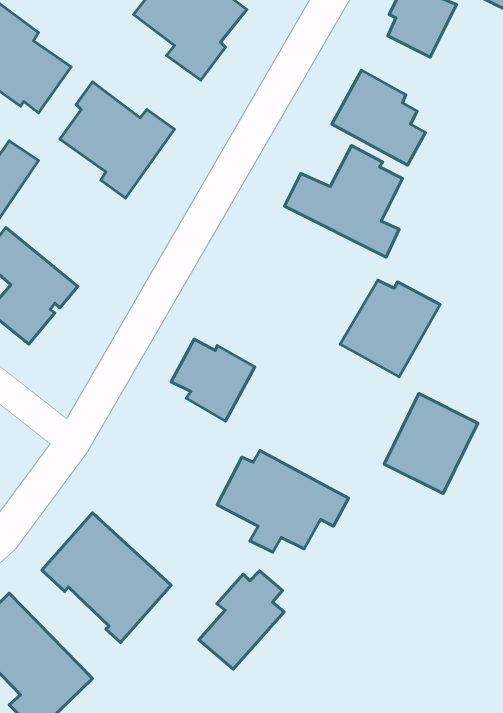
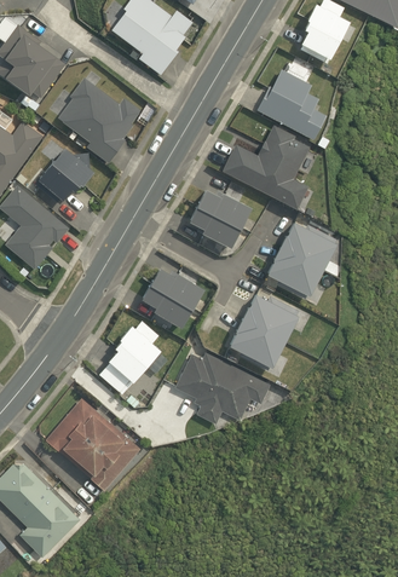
building: none -> [35,146,92,201]
building: none -> [186,187,248,247]
building: [384,393,478,494] -> [227,293,296,367]
building: [199,571,284,669] -> [97,321,160,393]

